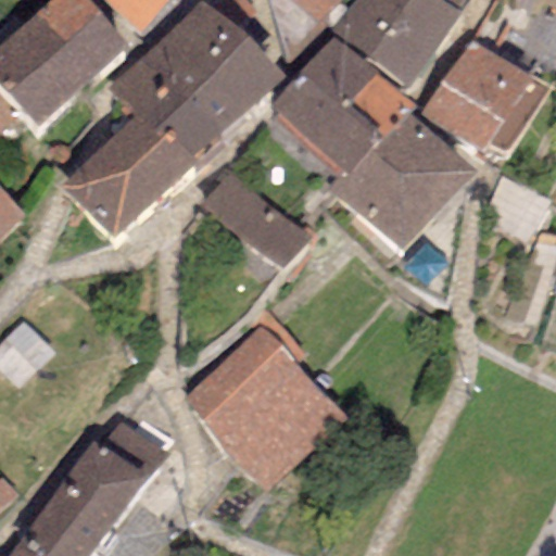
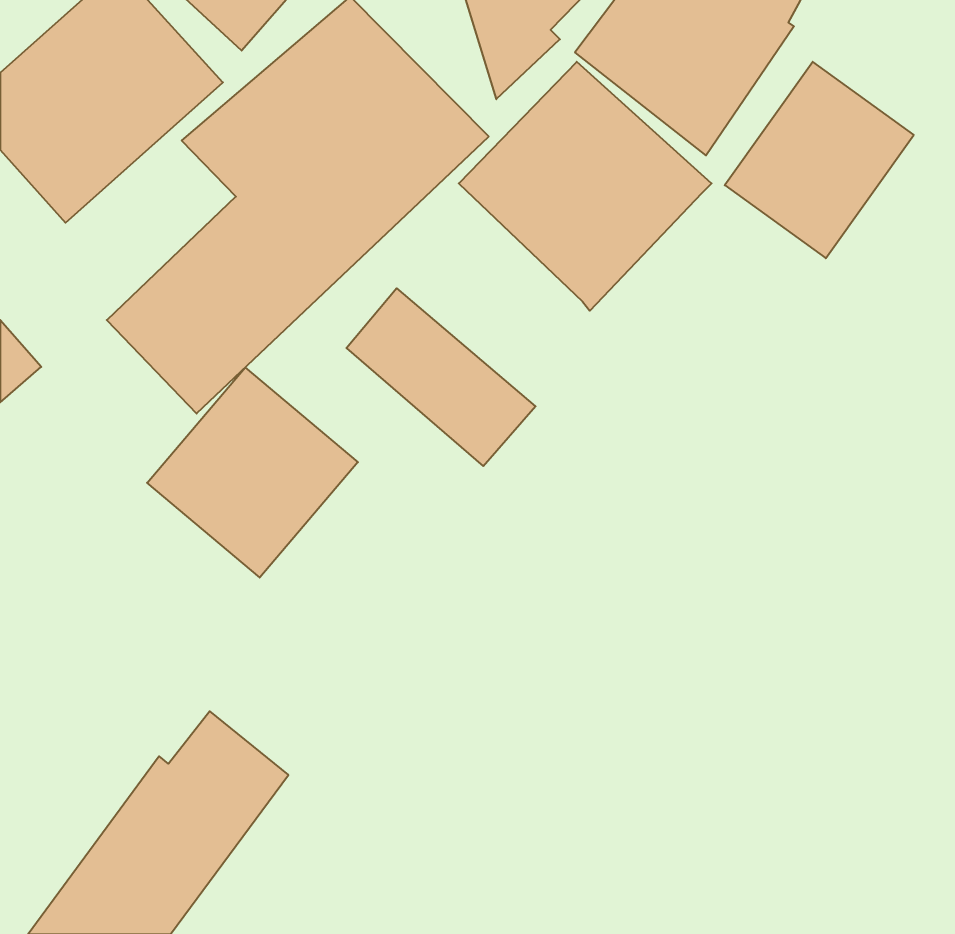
building: [328,112,478,255] -> none
building: none -> [147,367,358,578]
building: [178,318,342,483] -> none

